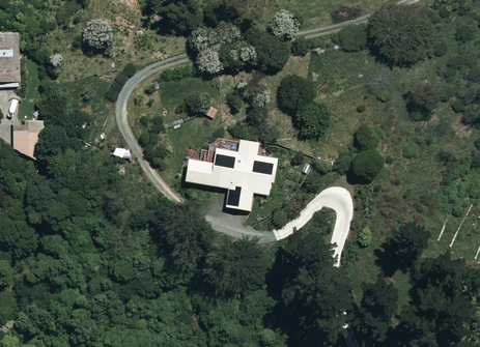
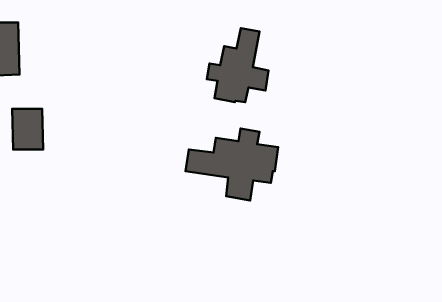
building: none -> [207,28,269,102]

